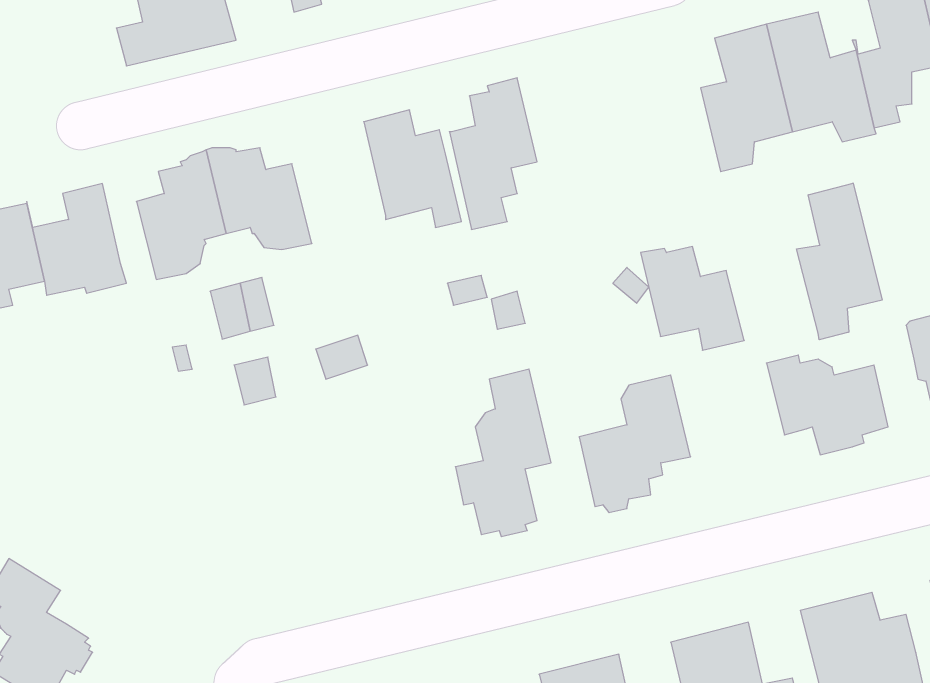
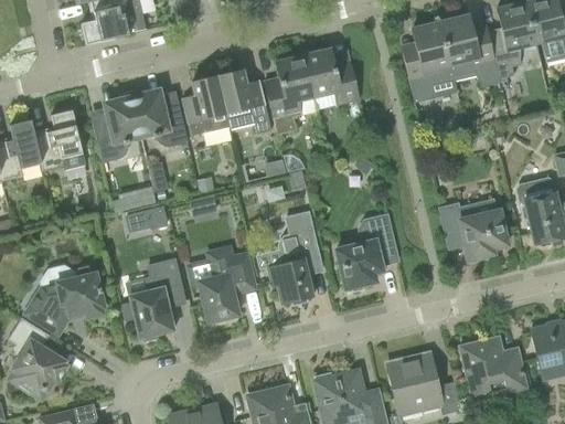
building: none -> [185,75,230,136]
building: [797,183,882,340] -> none
building: [641,247,744,350] -> [302,47,360,105]
building: none -> [199,245,256,324]
building: none -> [121,259,185,341]
building: none -> [24,266,105,332]

